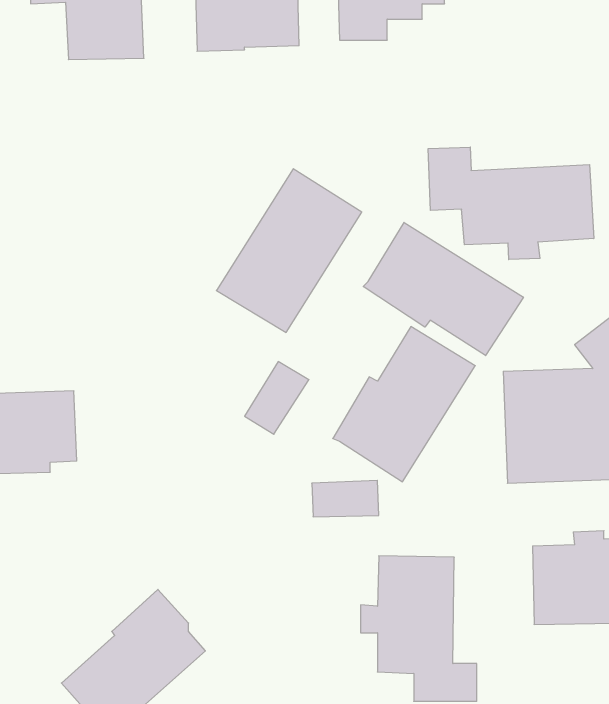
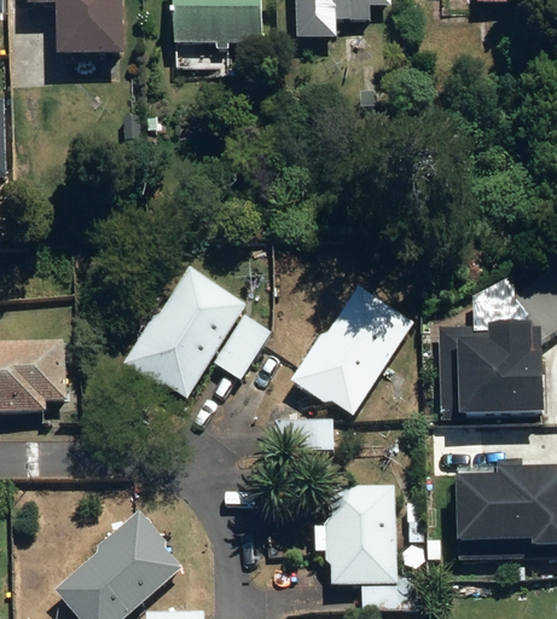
building: [428,147,594,260] -> none
building: [216,169,362,332] -> [122,262,248,404]
building: [363,222,523,356] -> none

